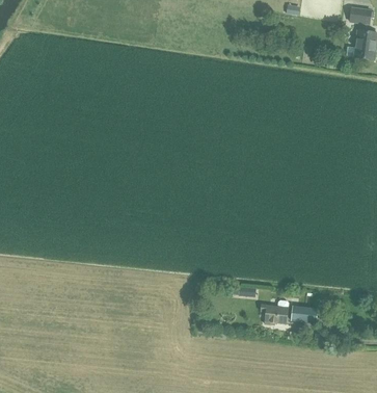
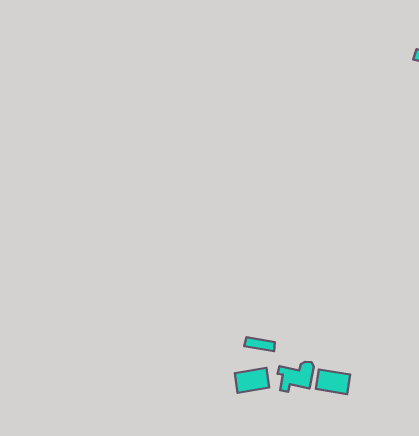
building: none -> [235,368,269,393]

